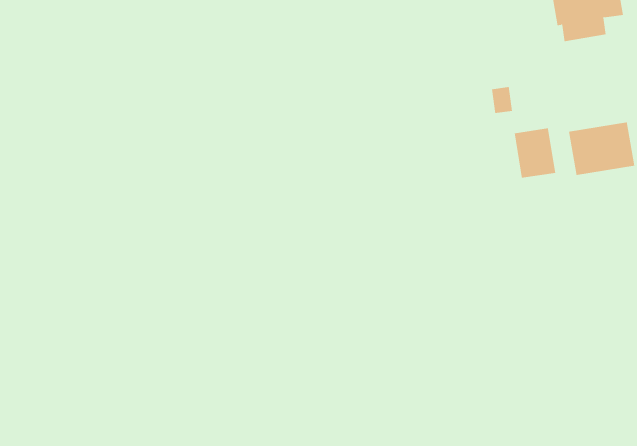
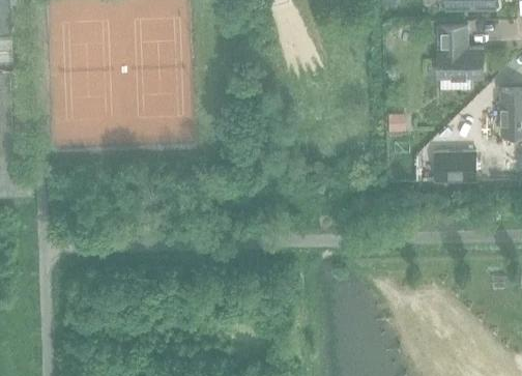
building: [514,128,556,179] -> none

